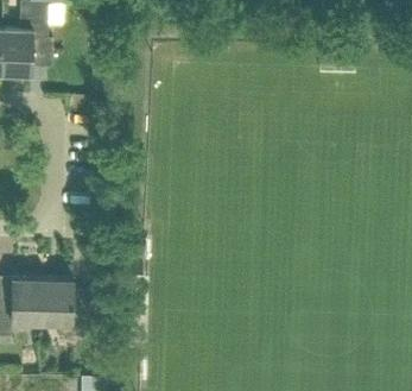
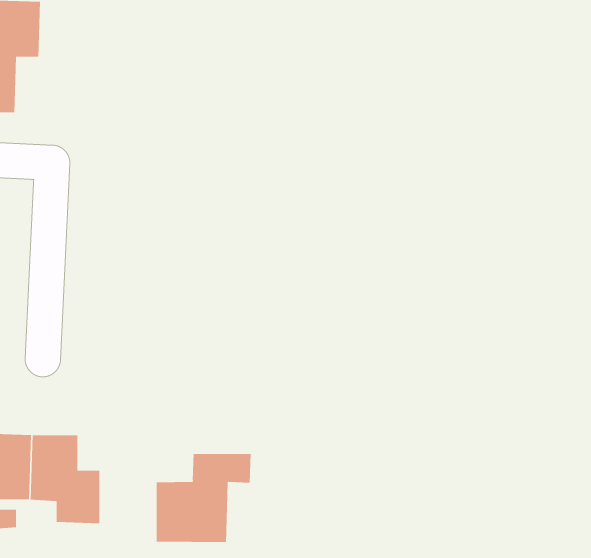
building: none -> [156,453,251,543]

